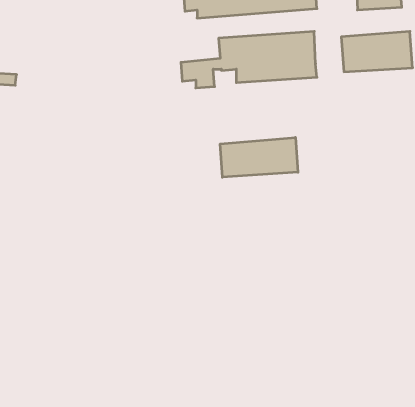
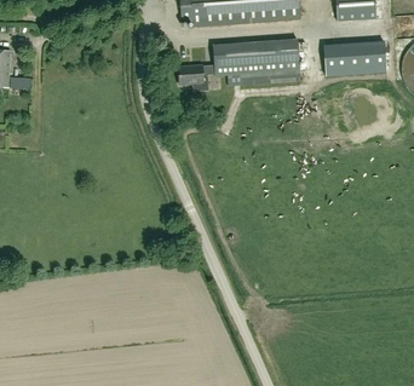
building: [220,137,298,177] -> none

